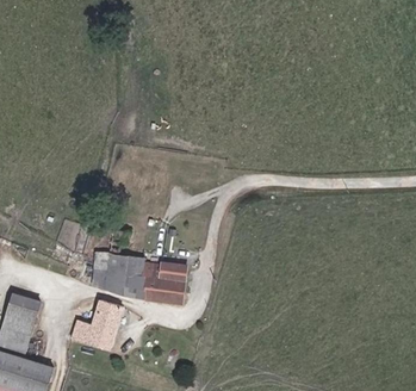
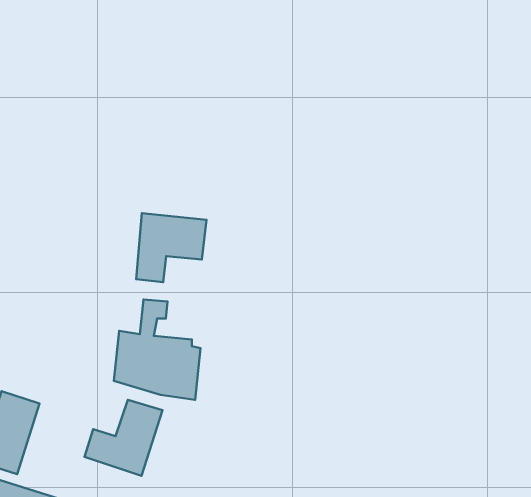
building: none -> [136,213,207,282]
building: [147,262,186,304] -> none

